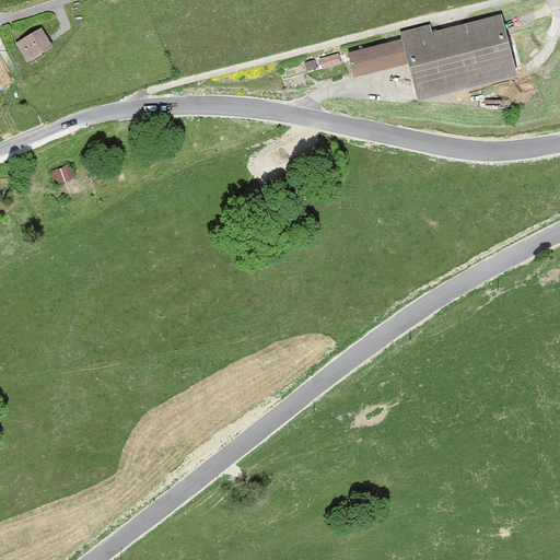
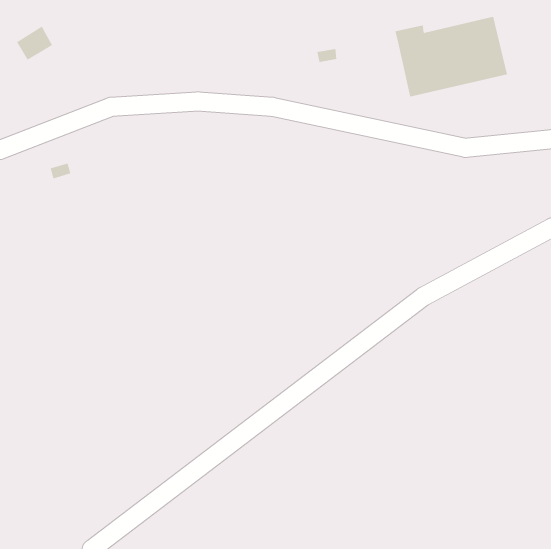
building: [350,39,408,75] -> none

